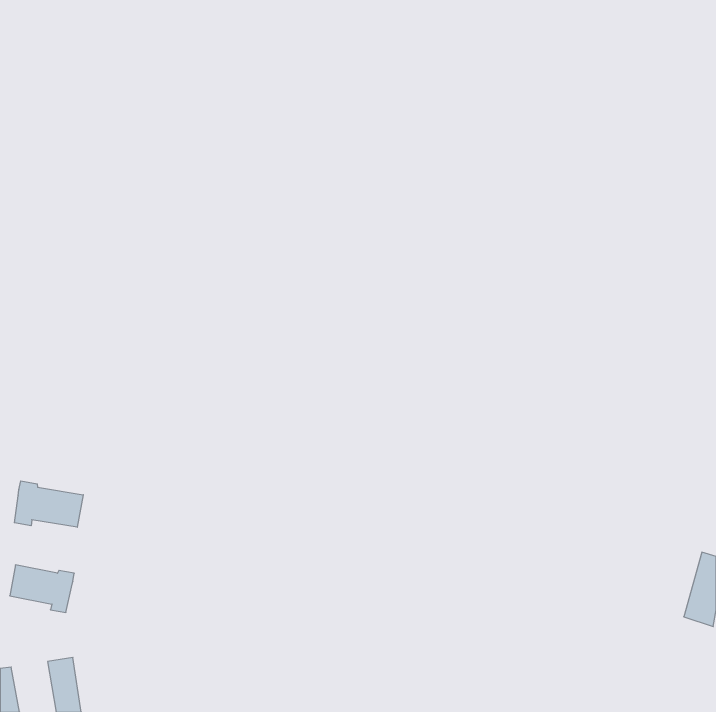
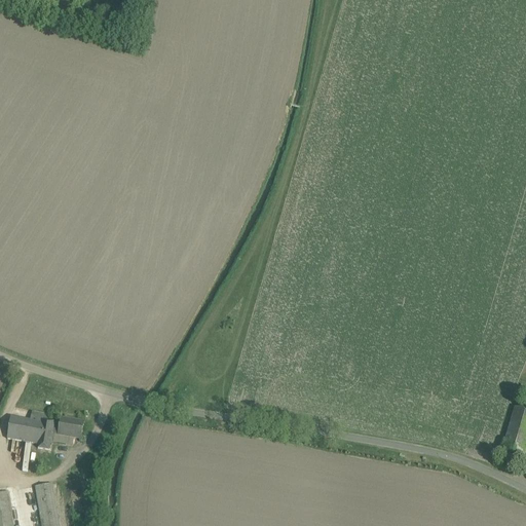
building: [14,481,83,527] -> none
building: none -> [52,416,84,437]

